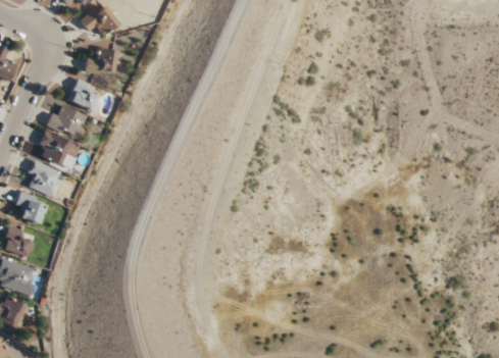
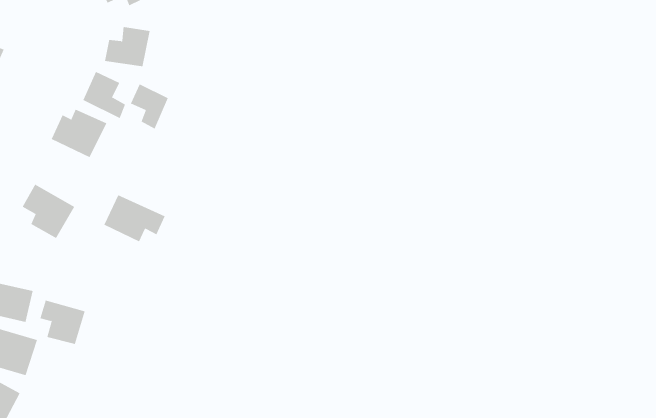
building: none -> [130,84,169,129]
building: [35,131,79,164] -> [103,195,166,242]
building: [15,192,48,223] -> [39,300,86,345]

